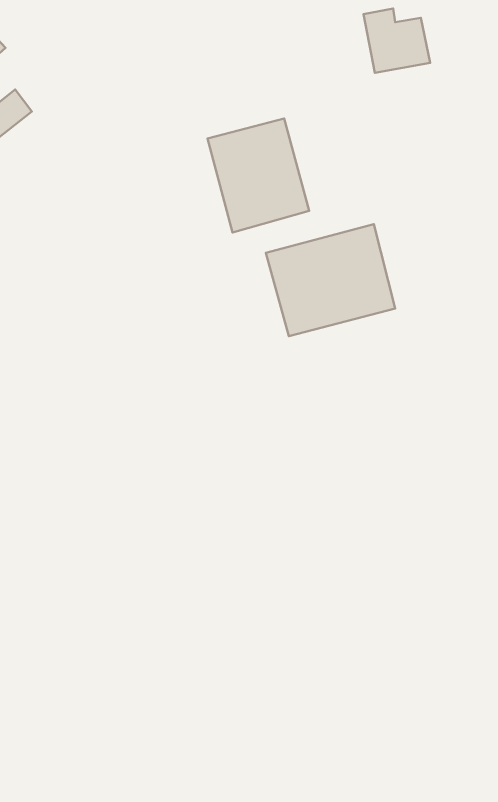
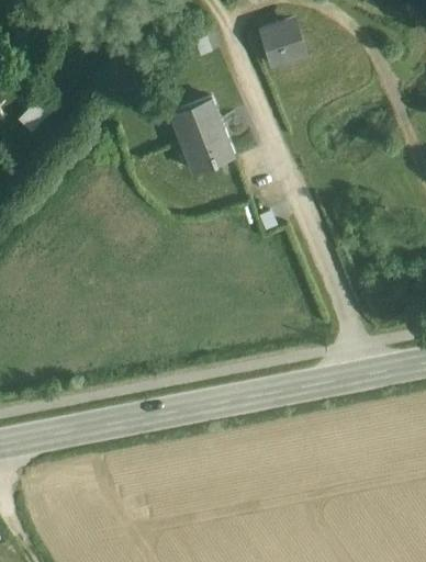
building: [266,224,395,336] -> none

